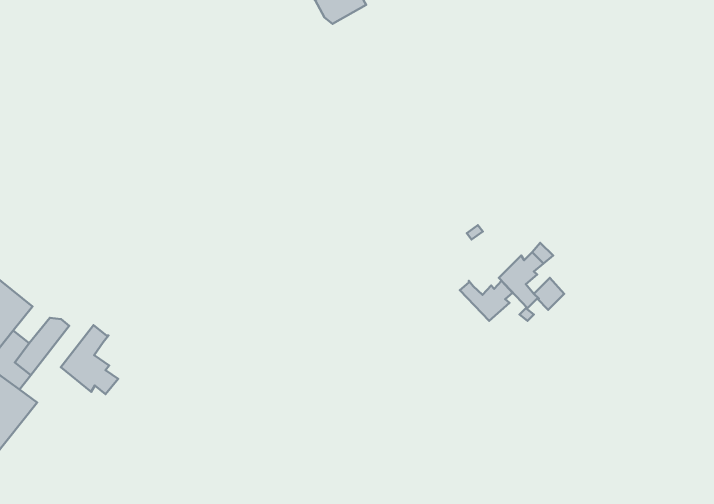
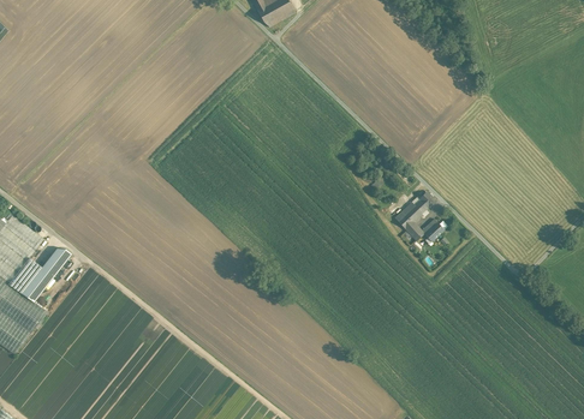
building: [460,281,512,321] -> none
building: [61,325,118,394] -> none

